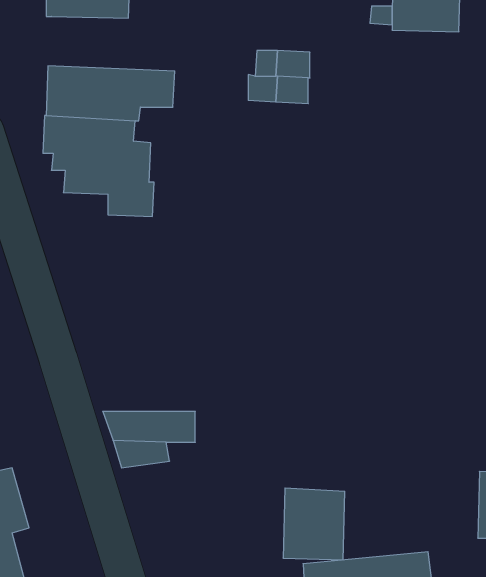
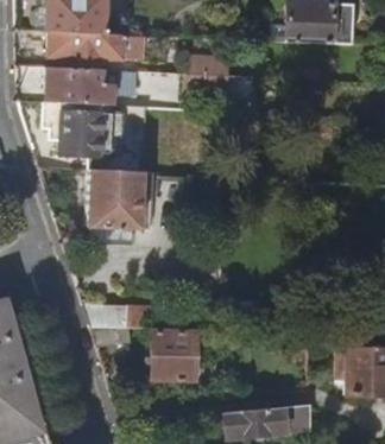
building: none -> [50,32,144,59]
building: none -> [87,170,141,229]
building: [283,488,345,560] -> [152,330,195,380]

